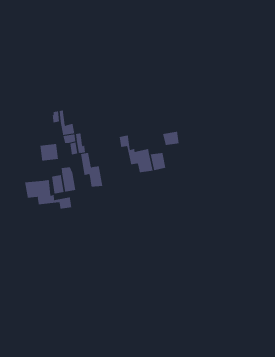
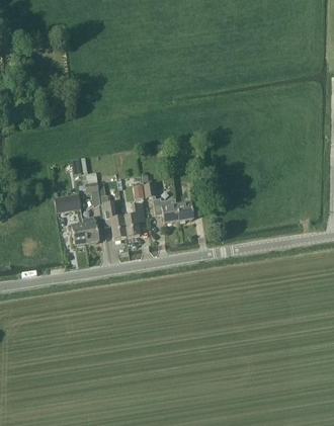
building: none -> [122,203,143,238]
building: [24,179,72,210] -> none

